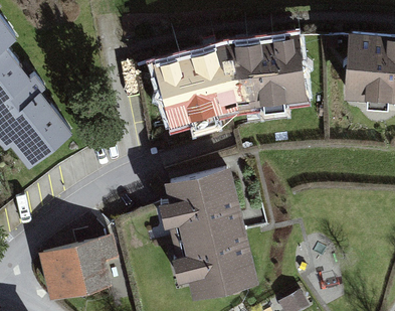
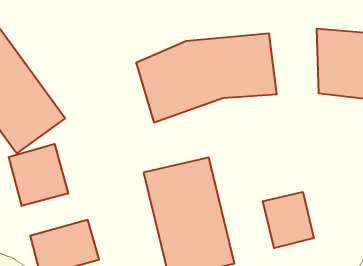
building: none -> [9,144,68,206]
building: none -> [263,192,314,248]

